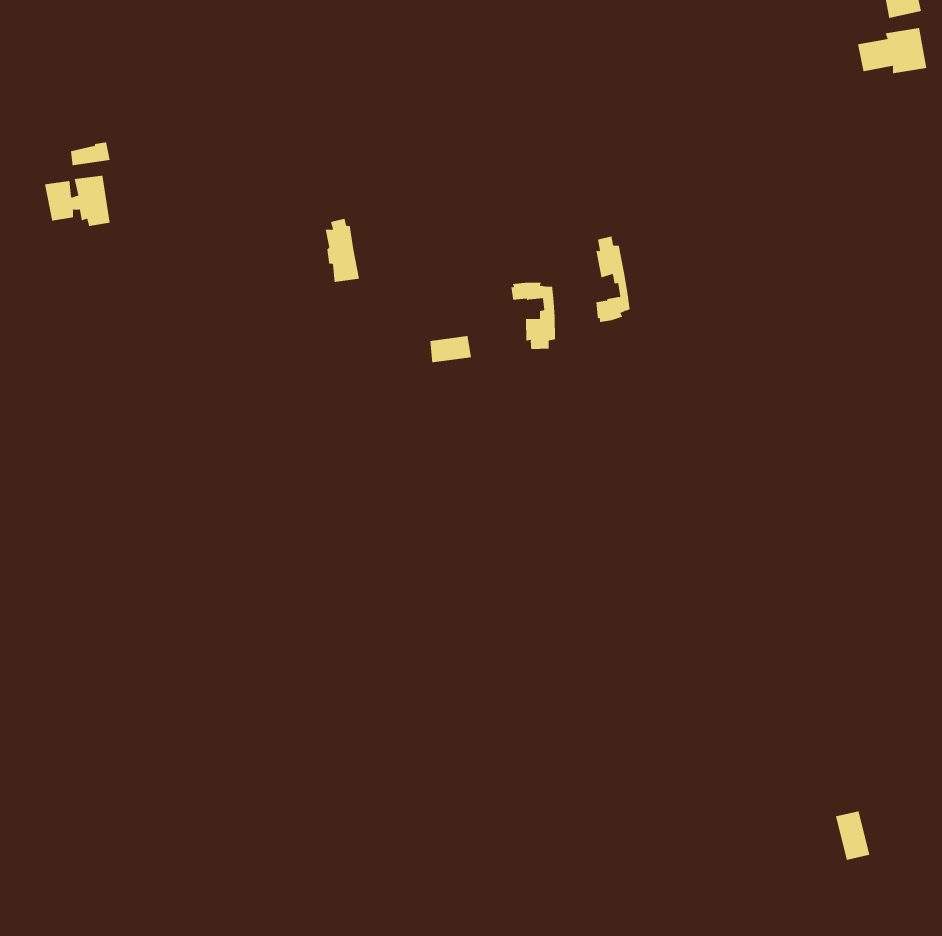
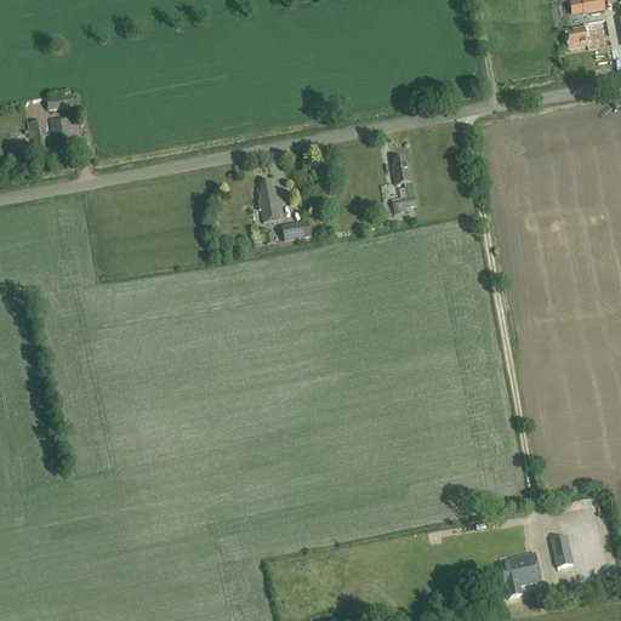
building: [325,218,360,283] -> [256,180,279,222]
building: [511,282,556,350] -> none
building: none -> [500,549,542,596]

